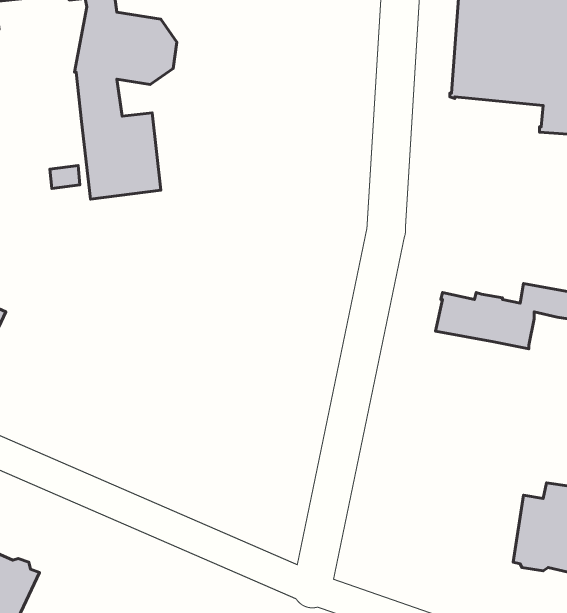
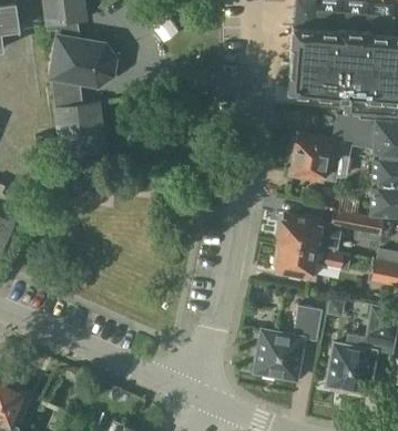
building: none -> [288,114,354,181]
building: none -> [276,239,348,279]
building: none -> [254,305,323,379]

